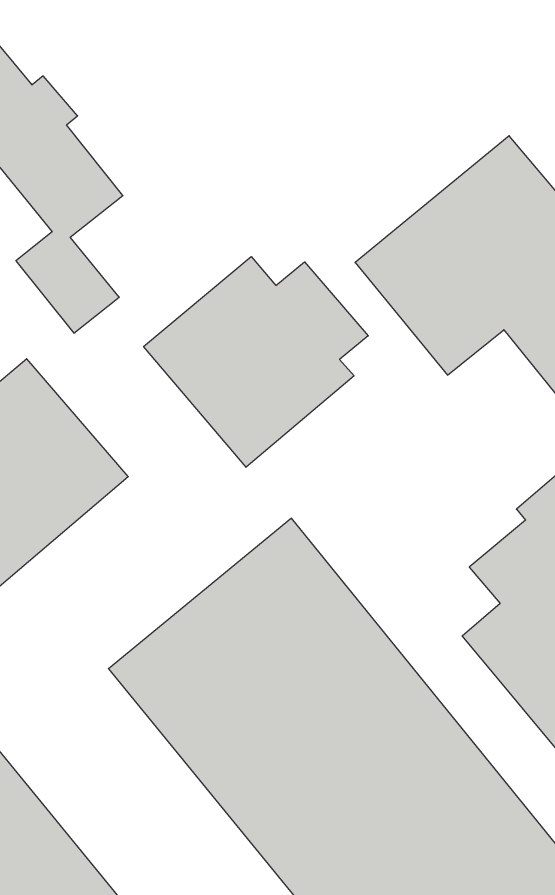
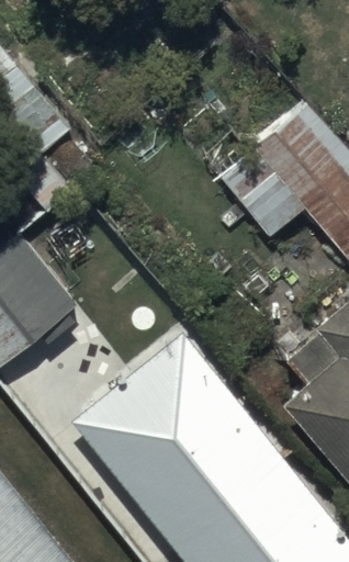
building: [144,257,368,467] -> none

